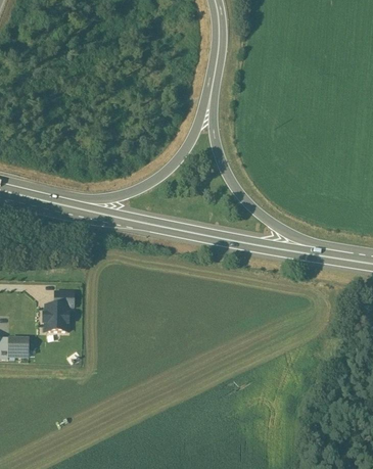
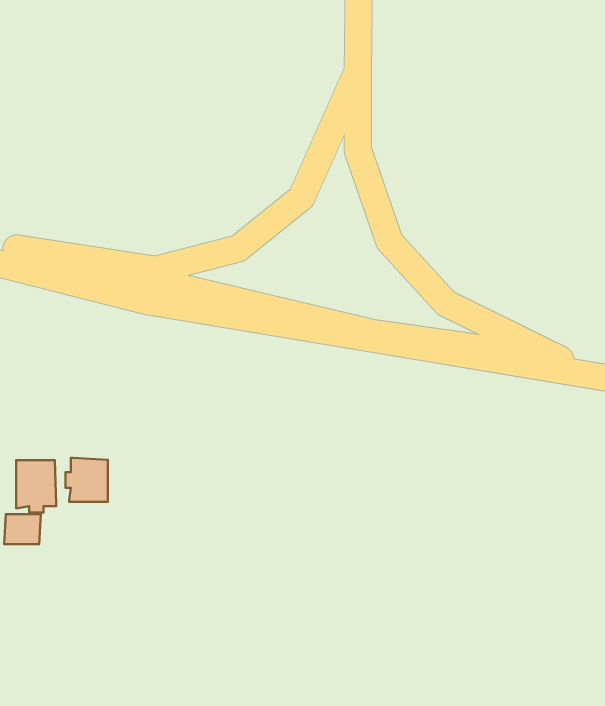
building: none -> [16,460,56,513]

